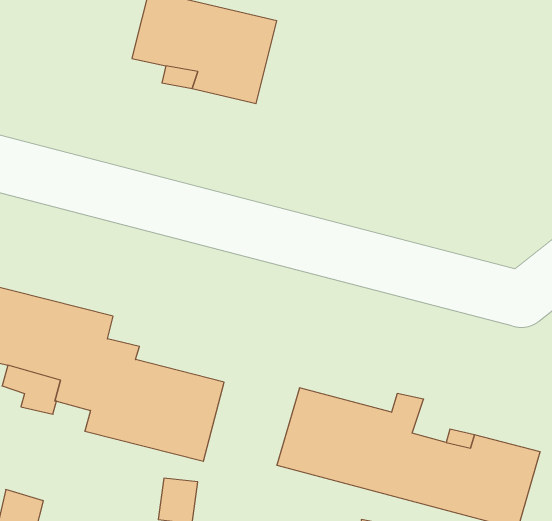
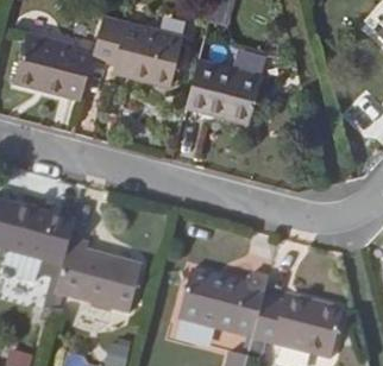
building: none -> [10,32,90,102]
building: none -> [181,57,258,125]

